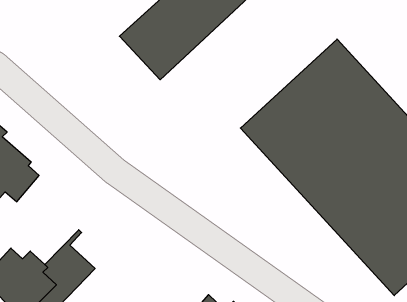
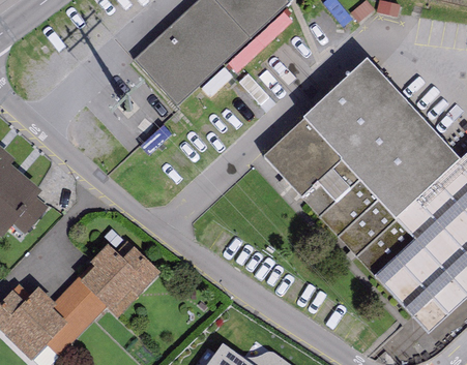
building: none -> [82,244,160,315]

